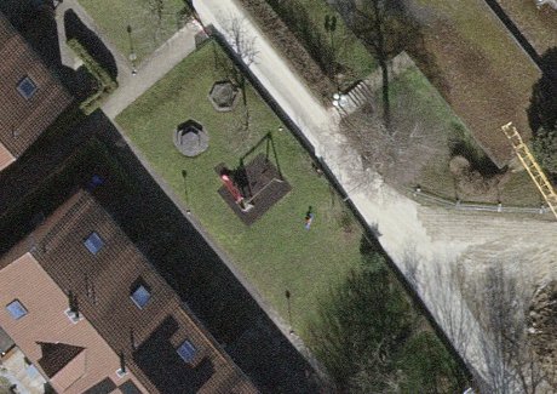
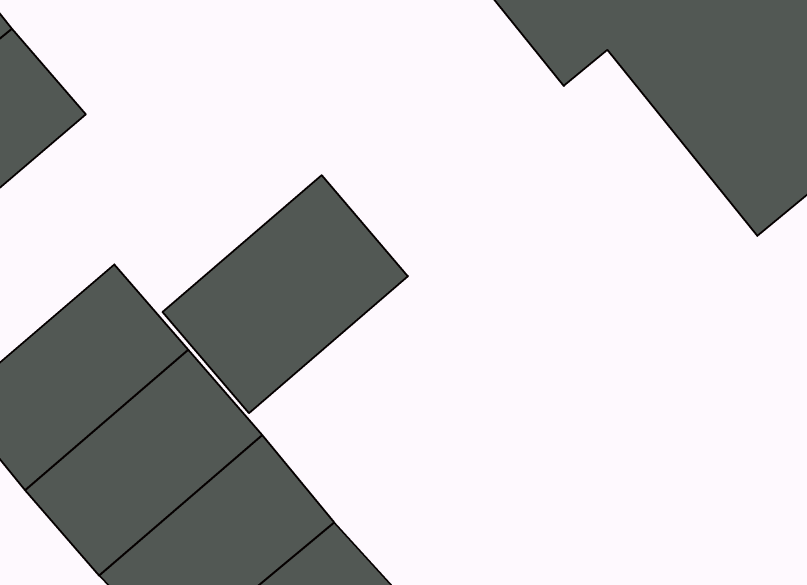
building: none -> [163,175,408,413]

